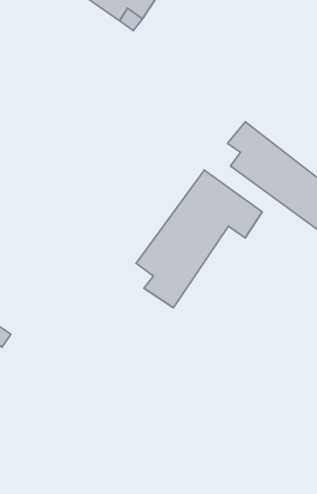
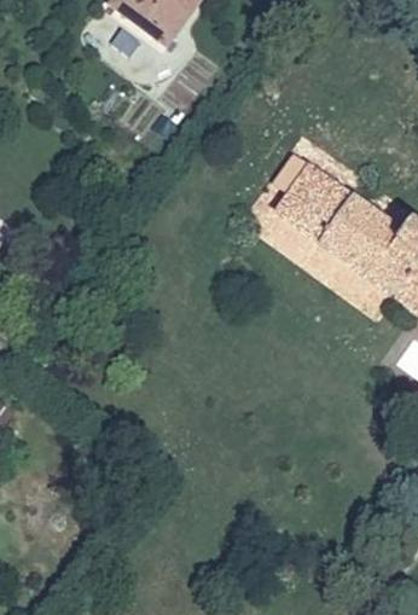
building: [136,170,262,308] -> none

